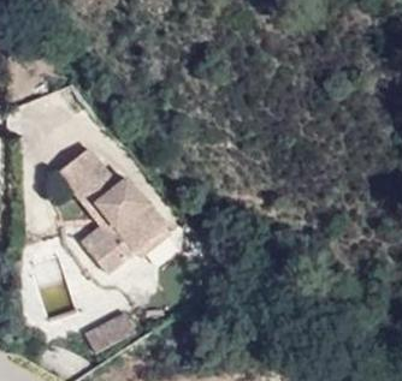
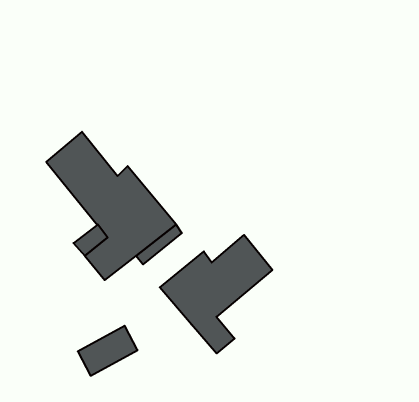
building: none -> [160,235,272,353]

